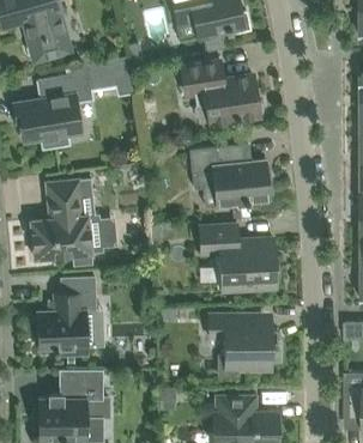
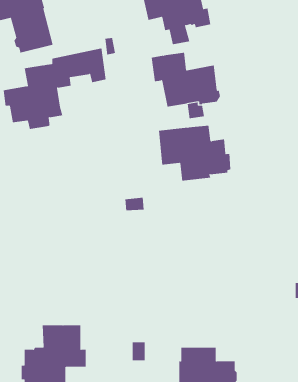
building: [31,178,103,267] -> none
building: [200,224,280,293] -> none
building: [35,277,96,356] -> none
building: [208,315,280,376] -> none

